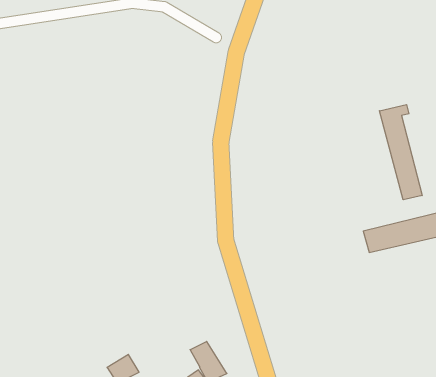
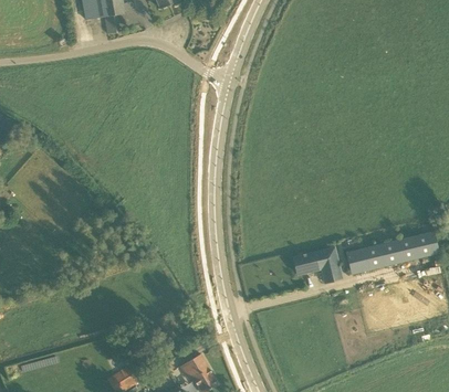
building: [379,105,422,200] -> none
building: none -> [293,250,341,284]

